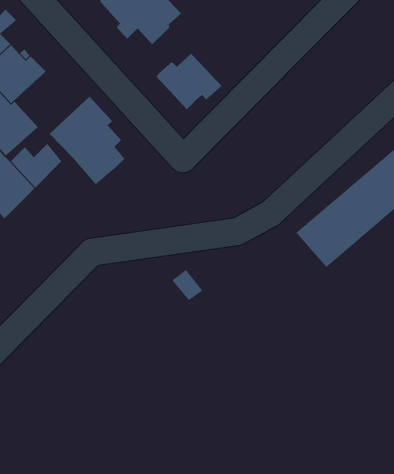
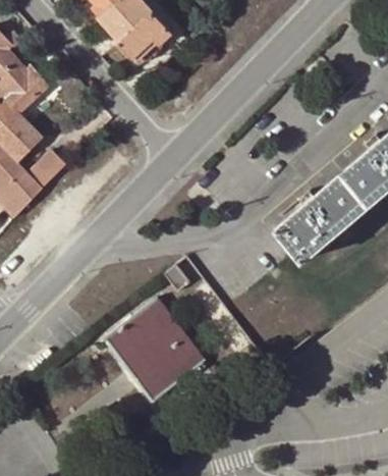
building: [155,53,222,110] -> none
building: [49,96,125,185] -> none
building: none -> [106,298,204,399]

